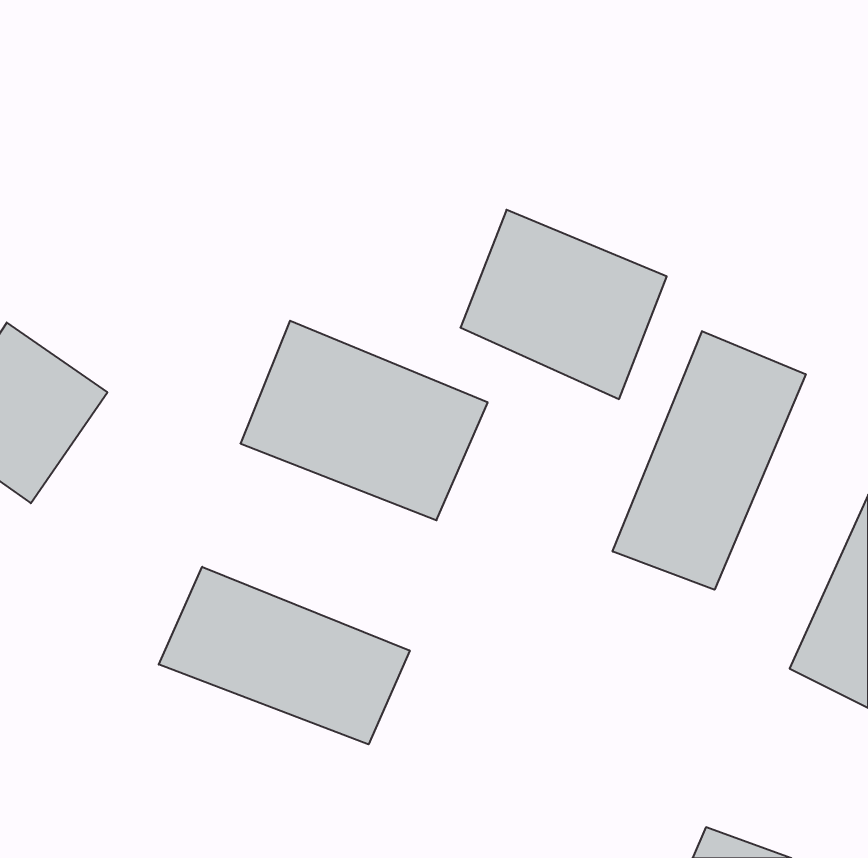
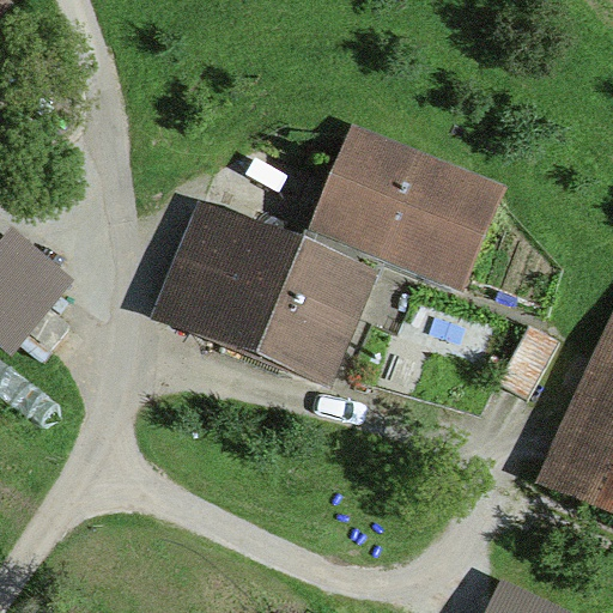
building: [613,331,806,590] -> none
building: [159,567,410,744] -> none

